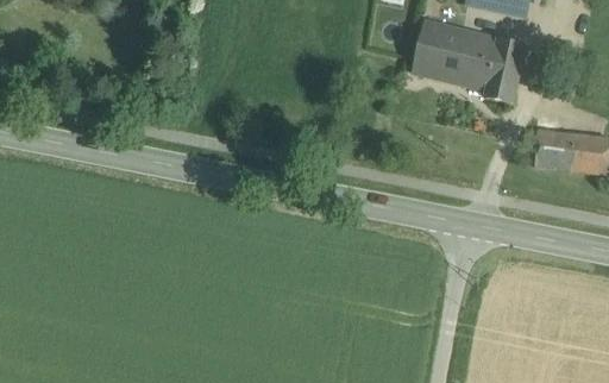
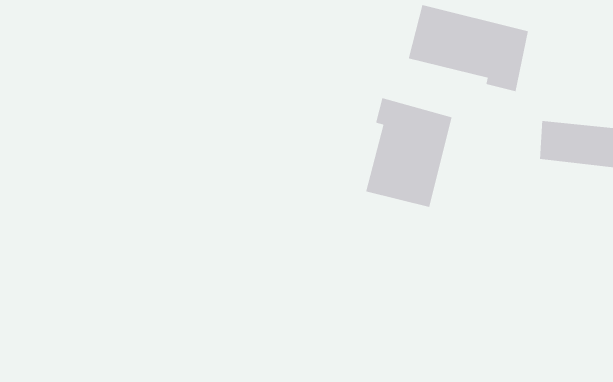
building: none -> [365,97,453,208]

